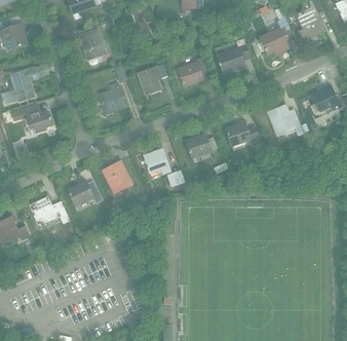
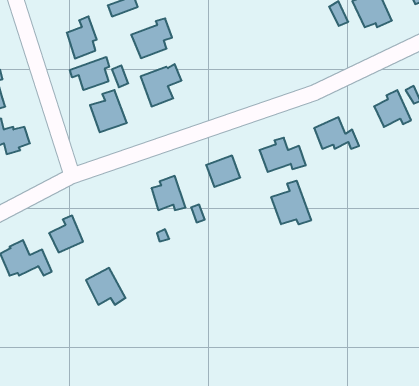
building: [260,28,288,52] -> none
building: [217,38,249,72] -> none
building: [177,56,207,86] -> [131,18,172,58]
building: none -> [70,57,109,90]
building: none -> [271,181,311,224]
building: [103,160,132,188] -> [86,268,126,305]

